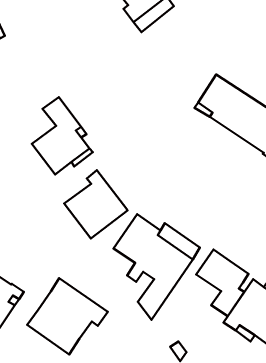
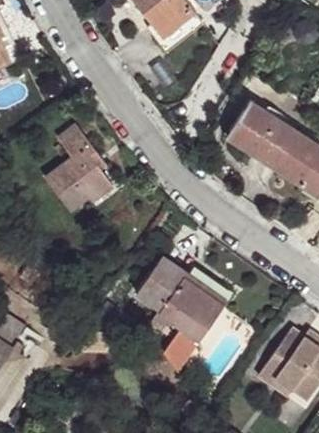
building: [64,170,128,238] -> none
building: [196,249,249,316] -> none
building: [27,278,108,355] -> none

